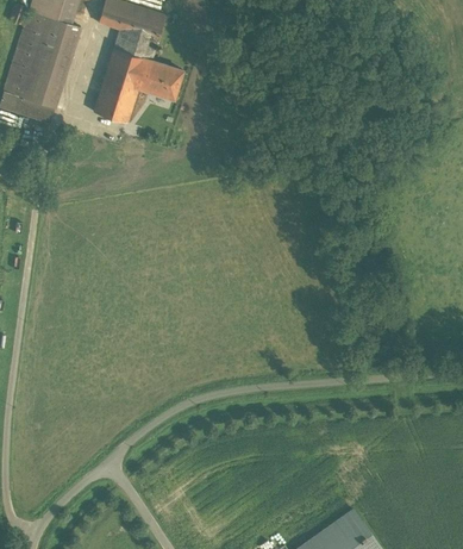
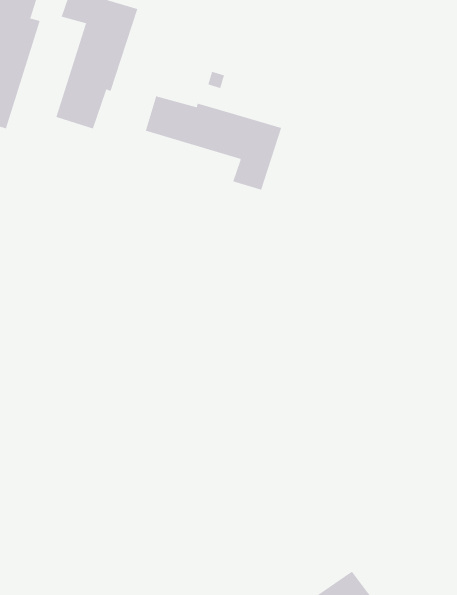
building: [142,61,182,99] -> none
building: none -> [145,95,282,190]

